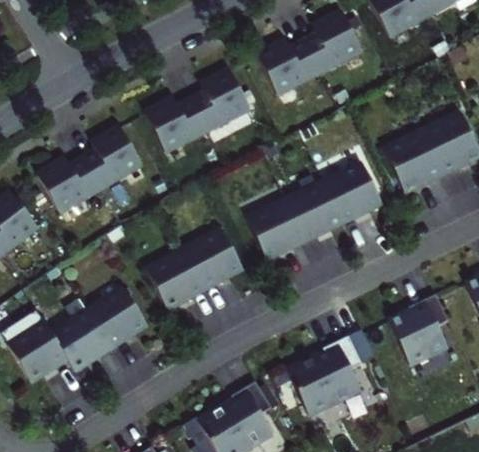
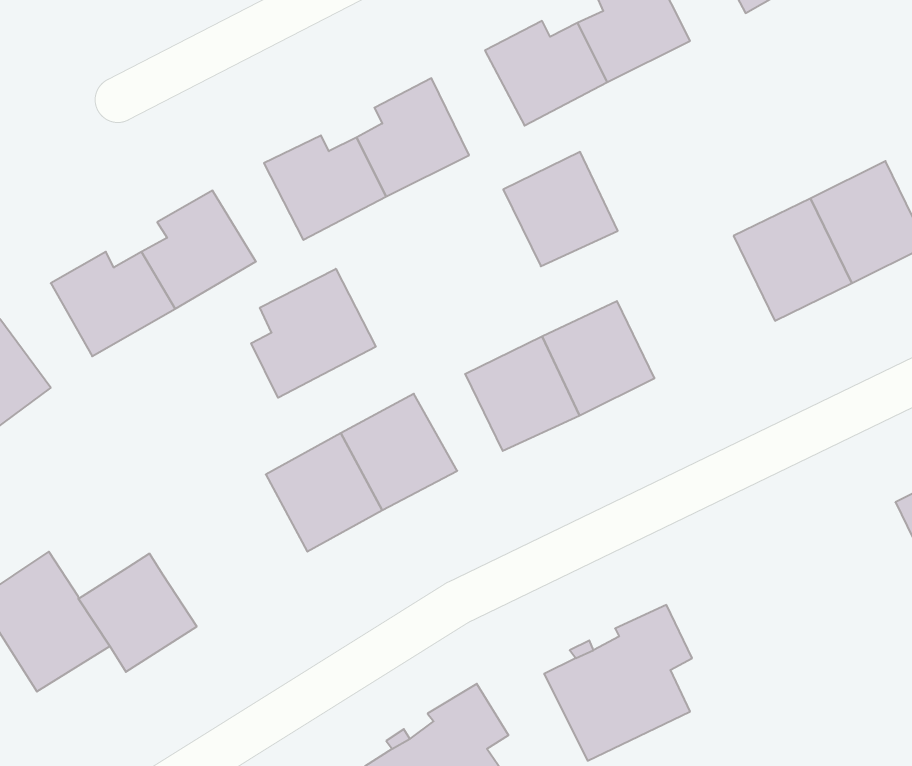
building: [326,165,384,223] -> [503,152,618,266]
building: none -> [251,269,376,398]
building: [89,289,148,349] -> none
building: [391,295,451,366] -> none

